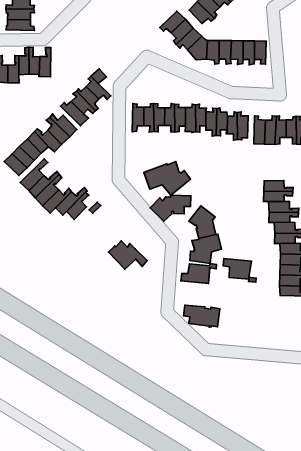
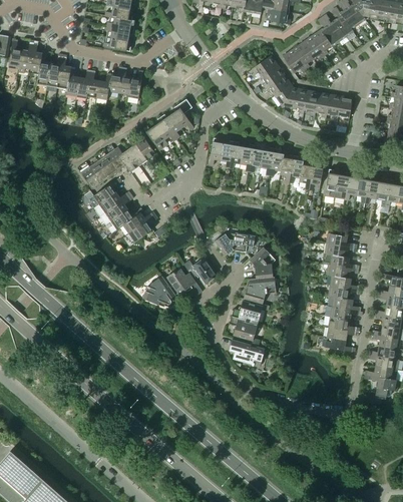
building: [144,161,191,195] -> none
building: none -> [183,258,217,285]
building: none -> [142,277,175,308]
building: [223,258,256,282] -> [230,317,260,345]

